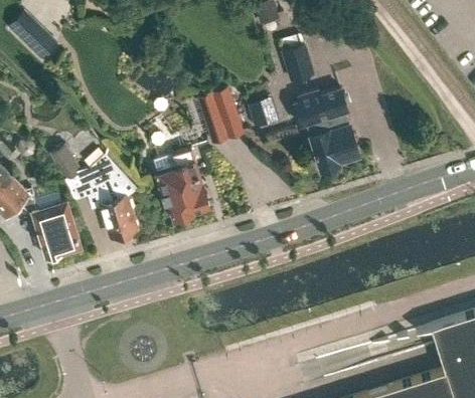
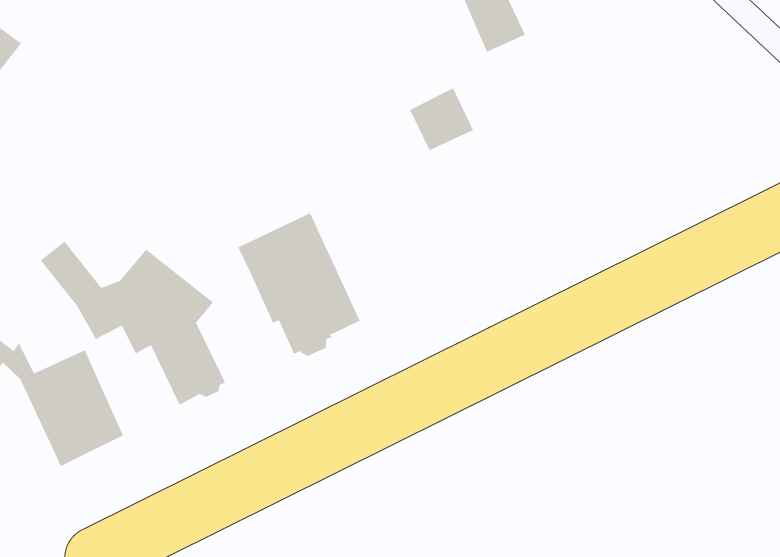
building: [198,88,244,145] -> none
building: [294,90,360,172] -> none

